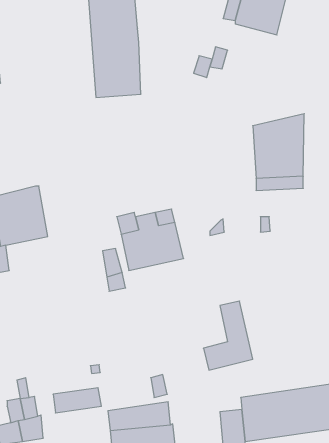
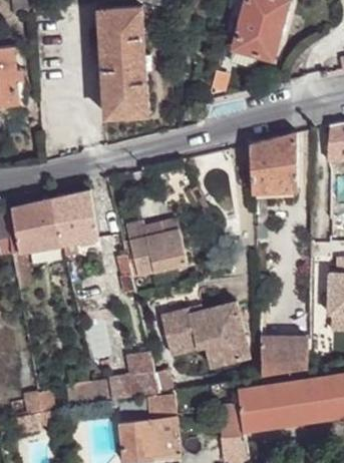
building: none -> [54,189,98,244]
building: none -> [160,307,227,354]
building: none -> [107,334,157,399]
building: none -> [260,338,307,377]

